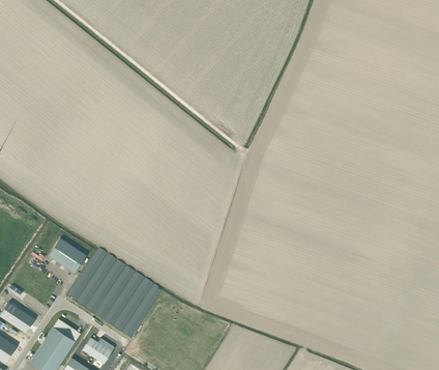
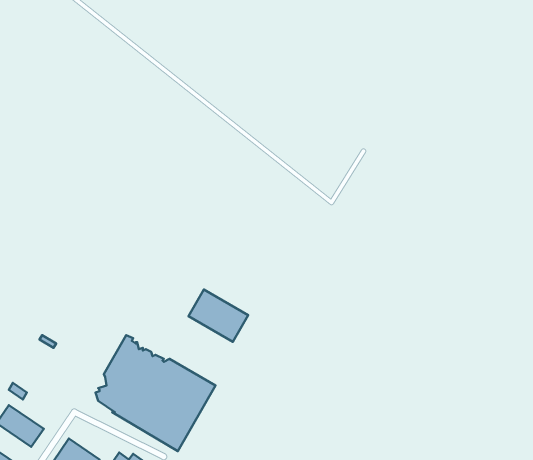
building: none -> [189,290,248,342]
building: [49,238,86,273] -> none

